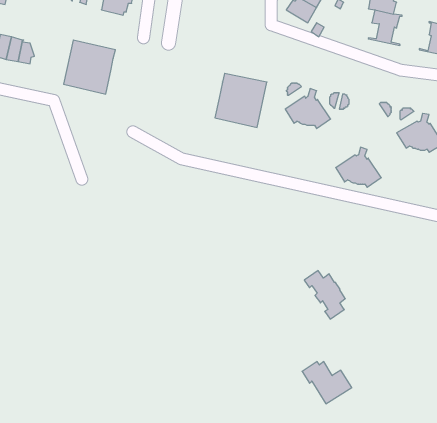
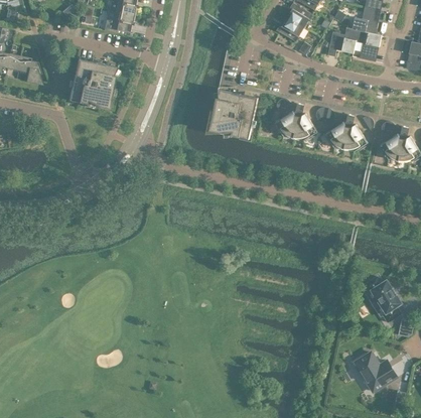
building: none -> [326,25,358,55]
building: [336,147,381,187] -> [324,114,367,151]
building: [304,271,345,319] -> [363,276,401,321]
building: [302,362,352,404] -> [349,352,396,391]

